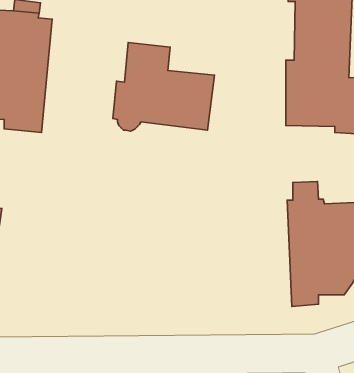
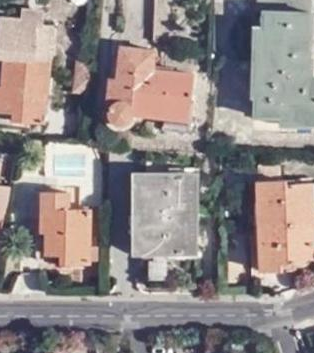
building: none -> [138,173,196,254]
building: none -> [40,192,96,264]

